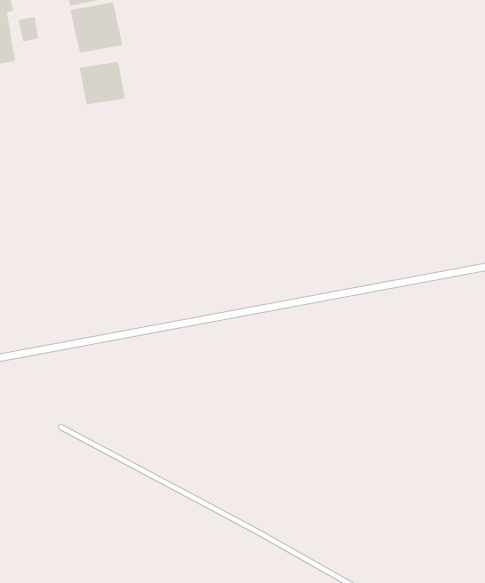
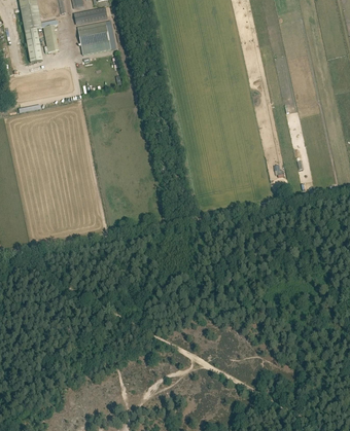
building: [79,61,126,105] -> none

